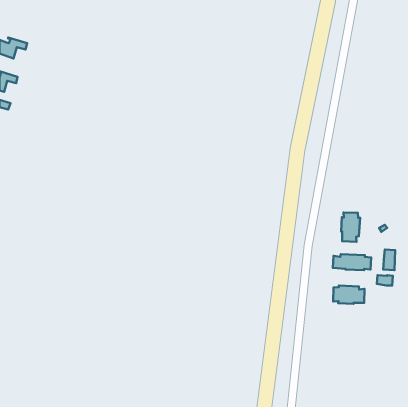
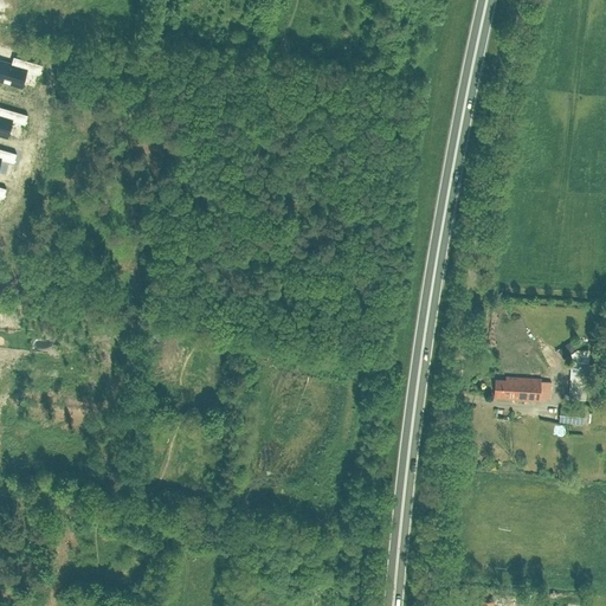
building: [341,212,360,242] -> none
building: [333,285,365,304] -> none

